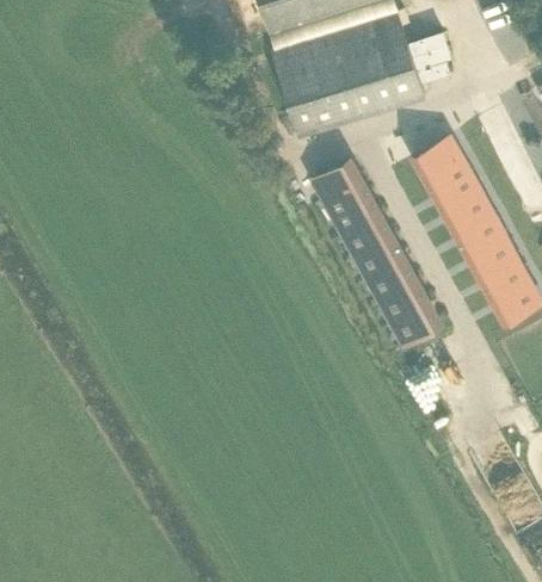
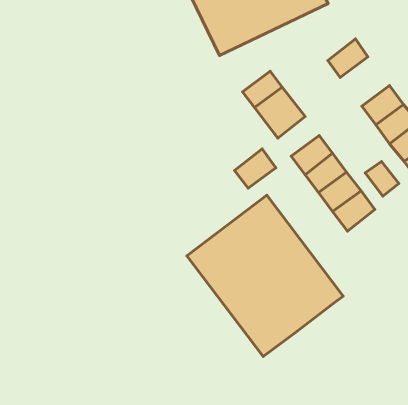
building: [424,159,476,211] -> none
building: [346,213,392,254] -> [235,149,276,188]
building: none -> [365,161,399,196]
building: none -> [187,195,343,357]

